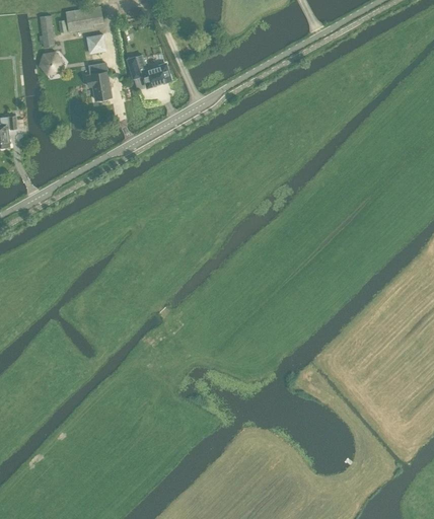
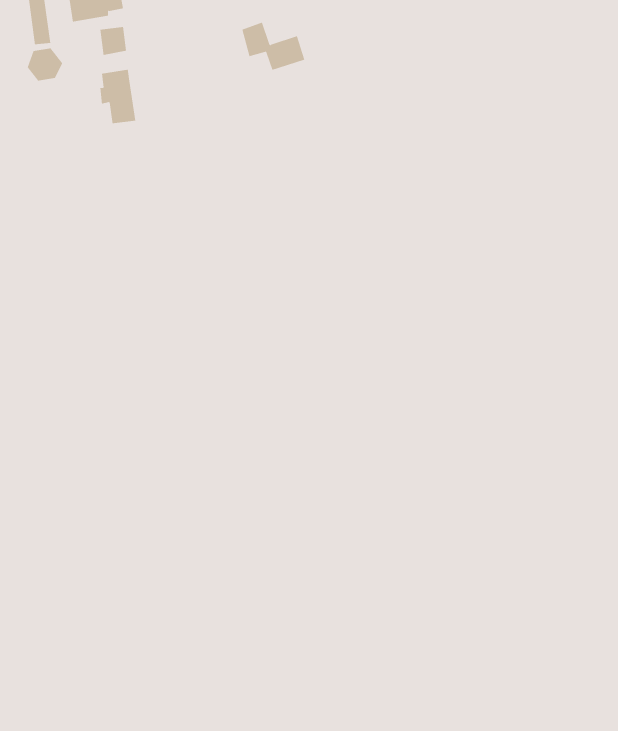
building: [128,55,170,87] -> [241,22,305,70]

